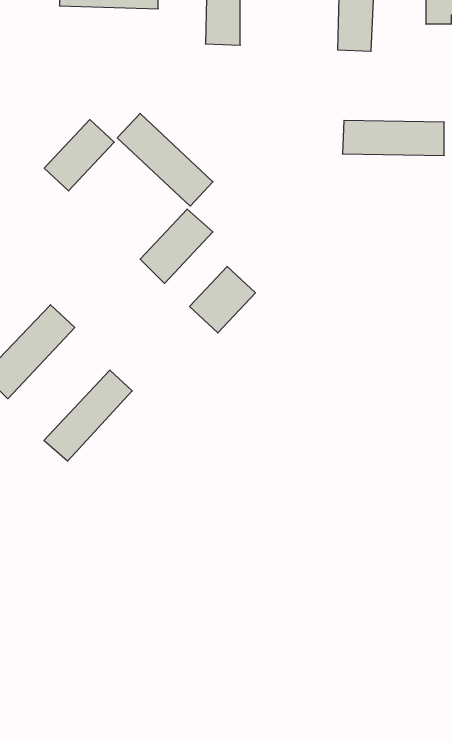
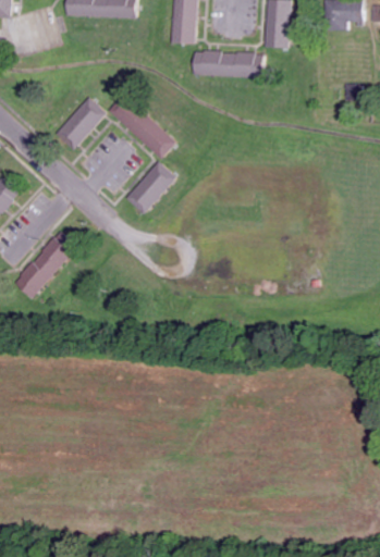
building: [342,120,444,155] -> [192,52,265,77]
building: [190,266,255,333] -> none
building: [44,370,132,461] -> none

